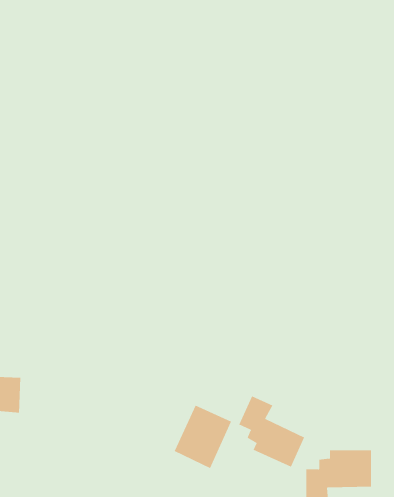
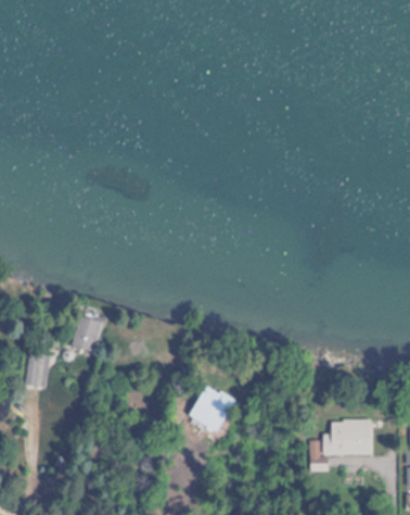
building: none -> [66,314,99,352]
building: [239,396,305,468] -> none

